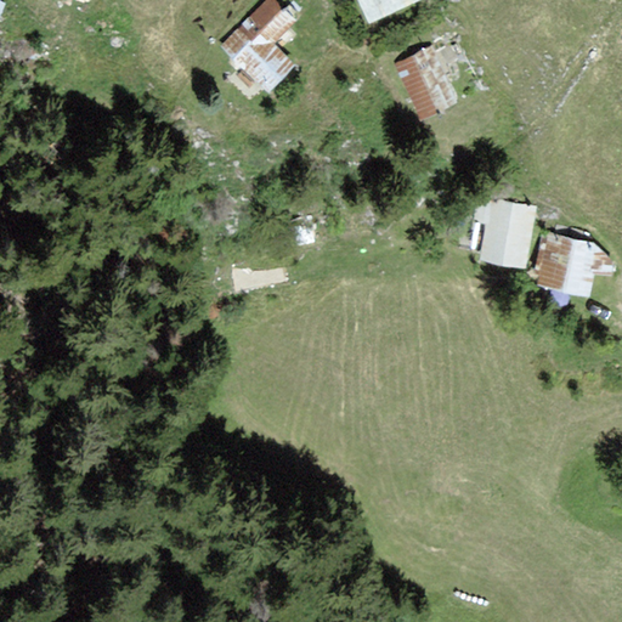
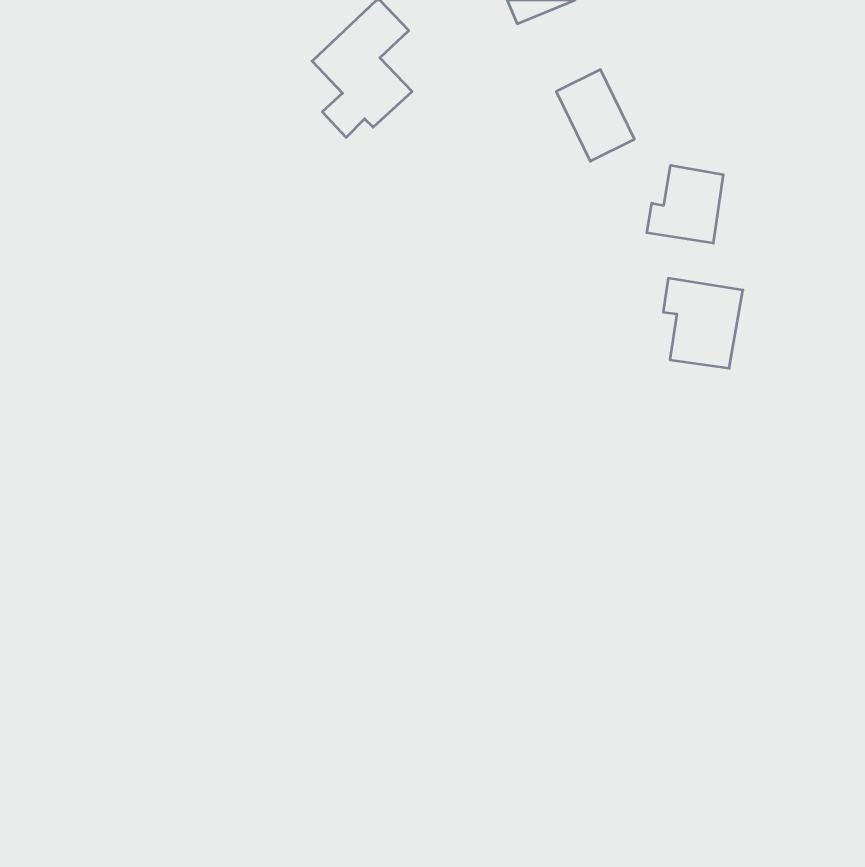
building: none -> [647,165,723,243]
building: [533,233,605,292] -> none

